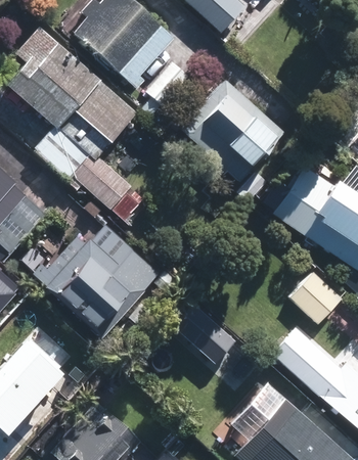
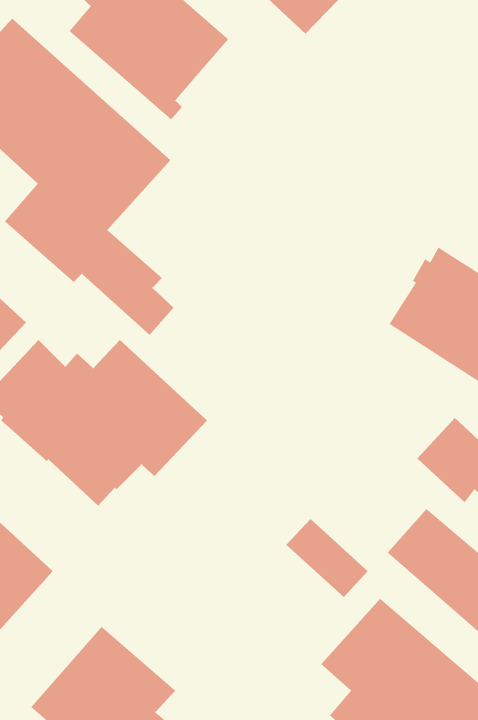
building: [177,80,284,182] -> none

